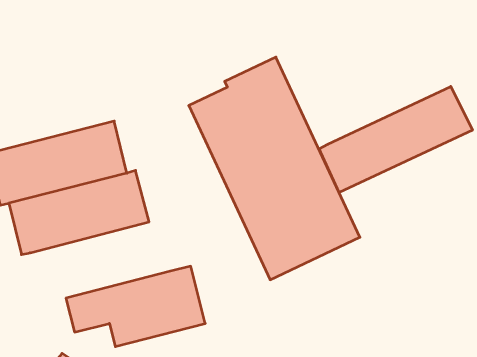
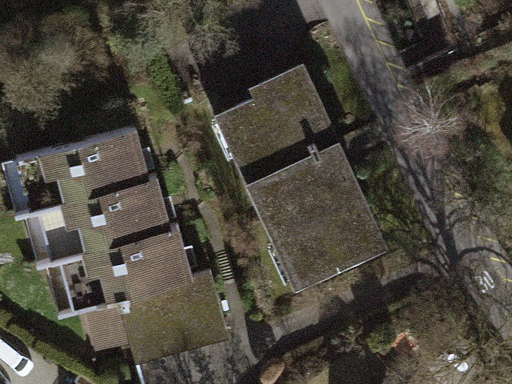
building: [319,86,472,193] -> none
building: none -> [48,232,193,319]

